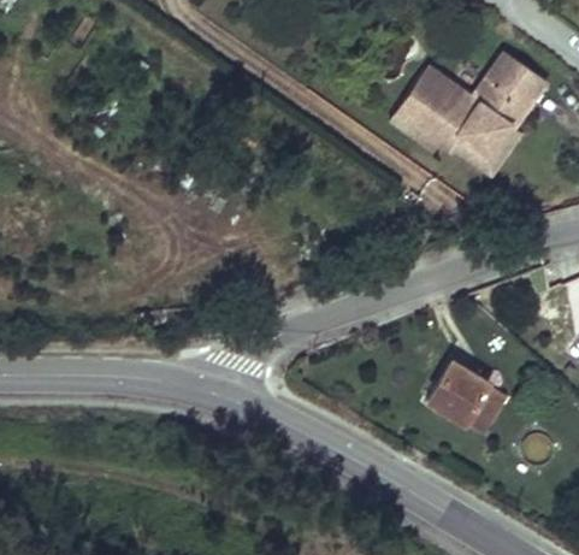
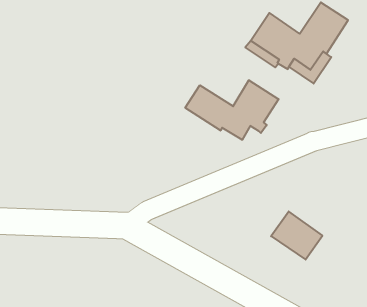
building: none -> [185,80,279,140]

